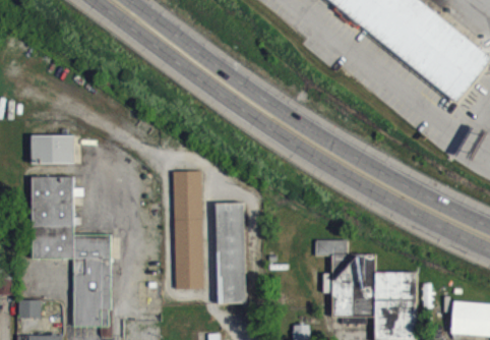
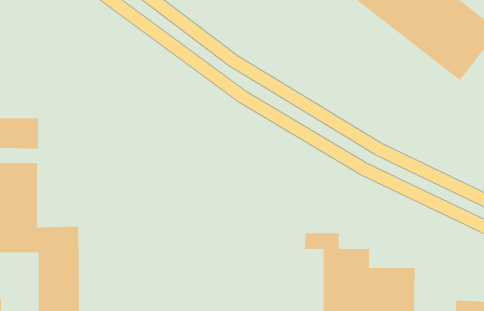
building: [173,171,202,289] -> none
building: [215,203,246,303] -> none

